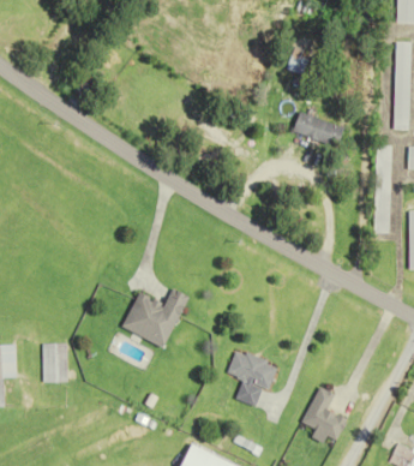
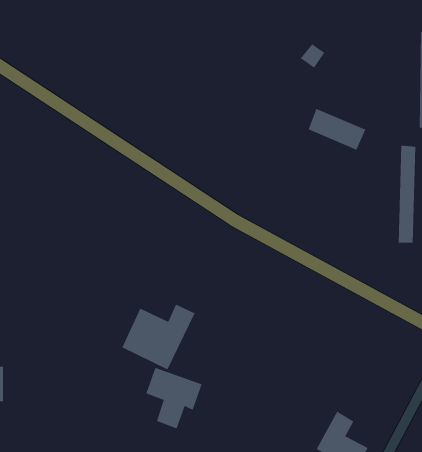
building: [44,343,67,382] -> none
building: [226,350,277,406] -> [146,367,202,429]

